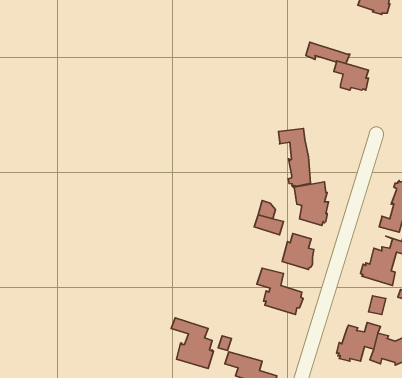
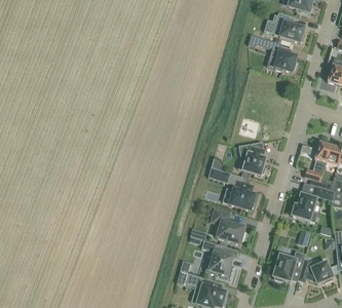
building: none -> [273,12,305,42]
building: [278,129,310,187] -> none
building: [171,318,214,368] -> [201,239,234,278]

